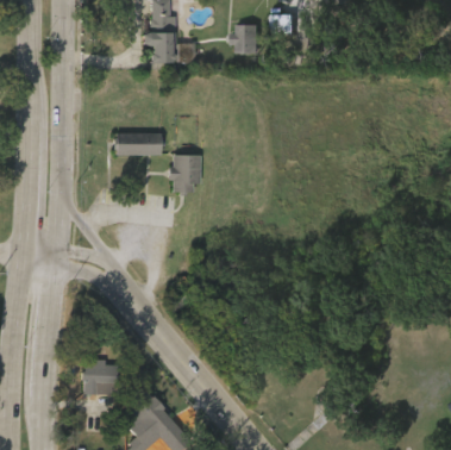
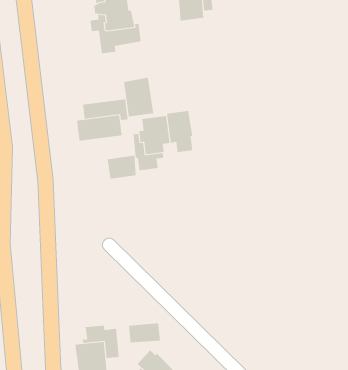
building: none -> [124,77,154,117]
building: none -> [166,110,193,153]
building: none -> [107,155,136,179]
building: none -> [128,322,160,343]

